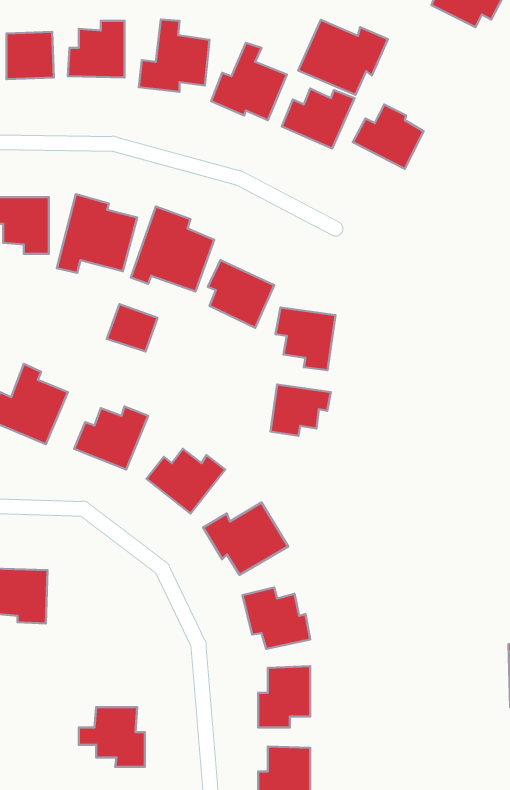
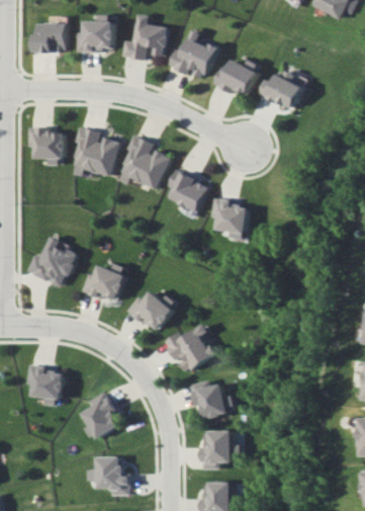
building: [298,20,388,95] -> none
building: [107,304,158,352] -> none
building: [270,385,331,436] -> none
building: none -> [81,393,120,440]

